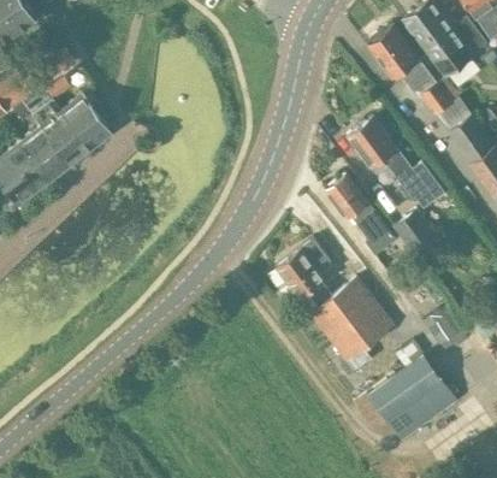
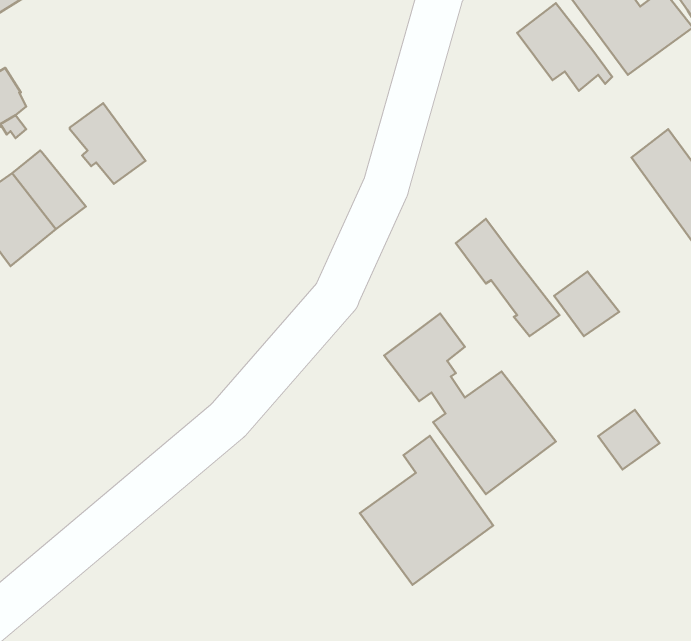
building: [420,78,458,116] -> none
building: [32,101,90,166] -> none
building: [347,118,444,210] -> none
building: [366,342,457,444] -> [360,436,493,585]

